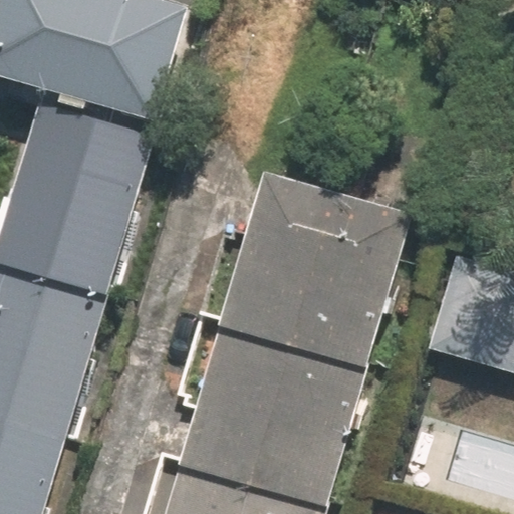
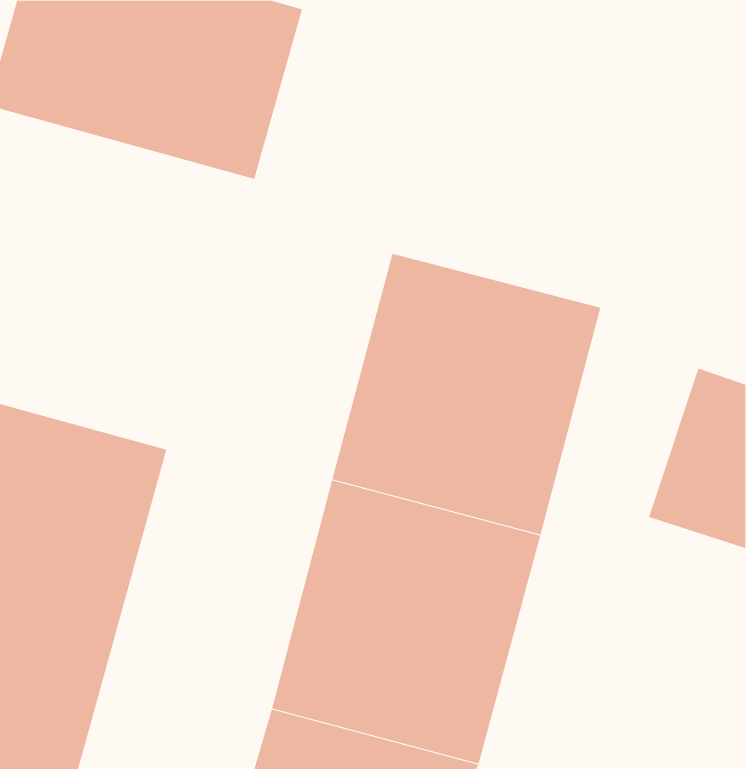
building: [5,109,157,282] -> none

